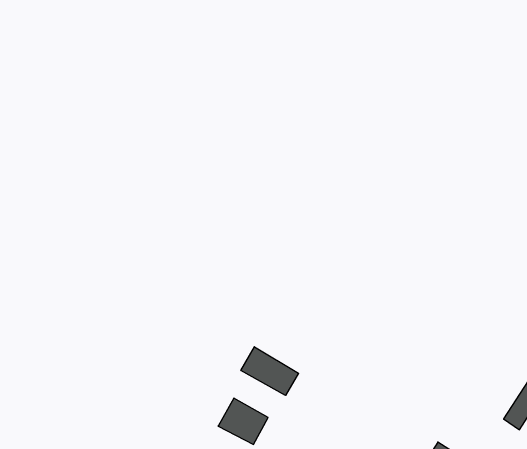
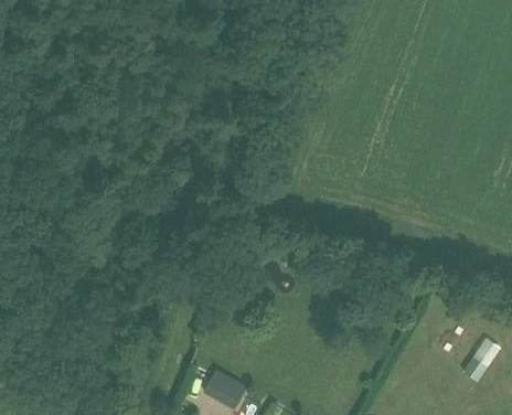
building: [241,347,299,395] -> none

